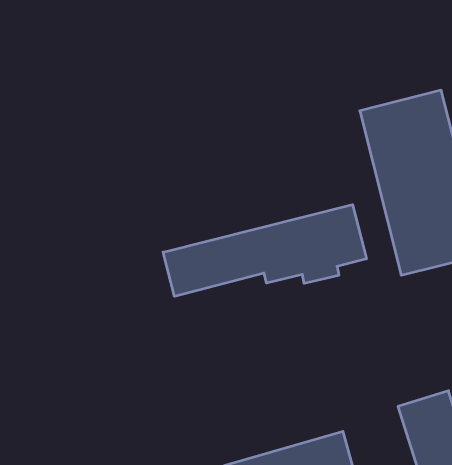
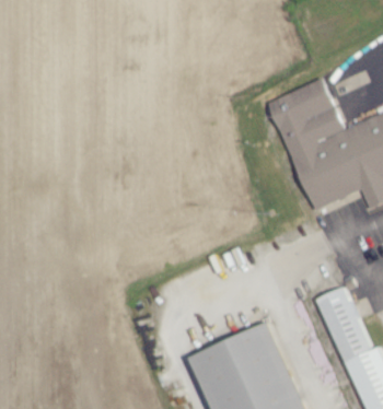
building: [163,205,366,296] -> none

